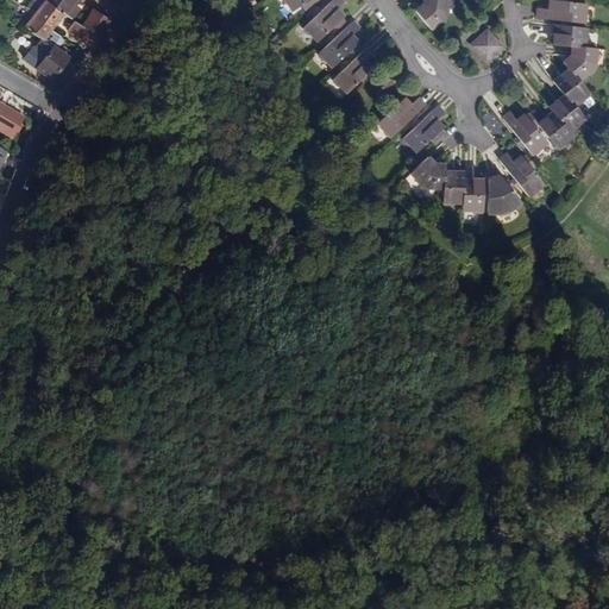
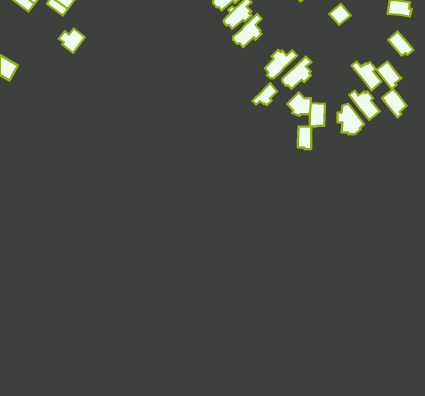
building: [32,45,69,80] -> [59,29,85,53]
building: [564,45,597,80] -> none
building: [551,94,585,134] -> [382,89,407,118]
building: none -> [253,83,277,105]
building: [464,180,484,212] -> [298,127,312,149]

